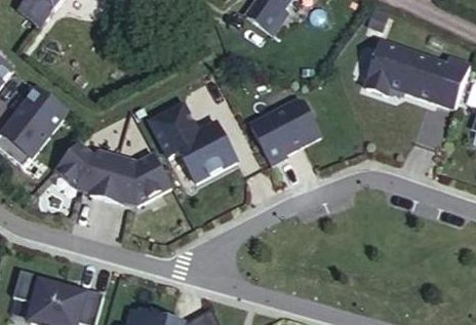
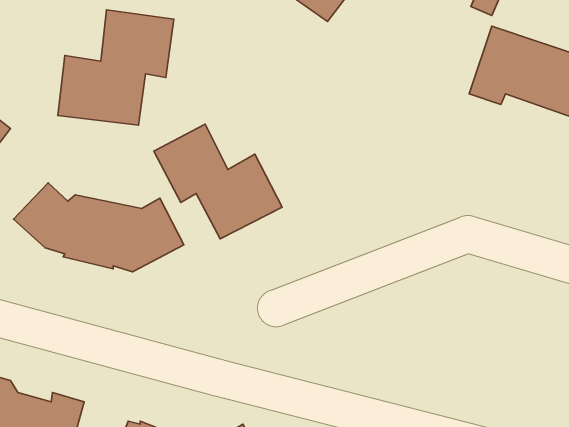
building: none -> [58,10,174,125]
building: [251,103,320,164] -> none

